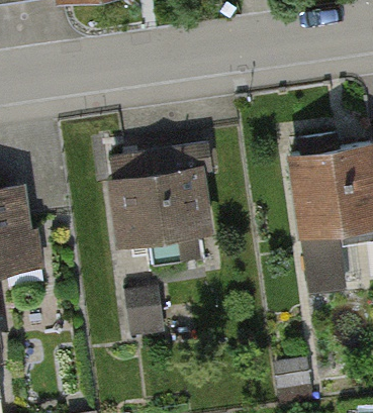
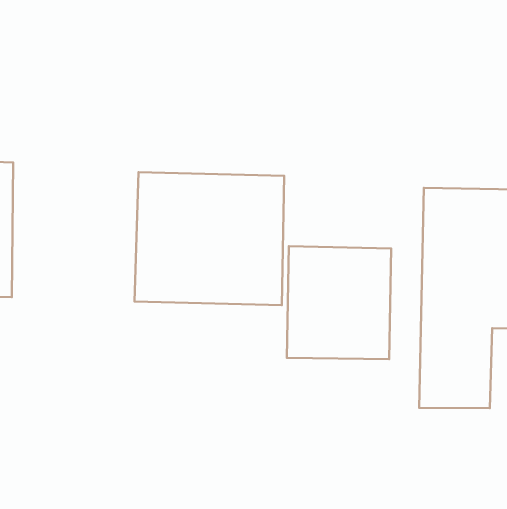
building: none -> [287,246,391,359]

